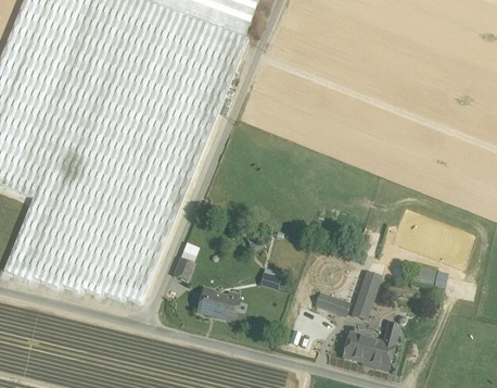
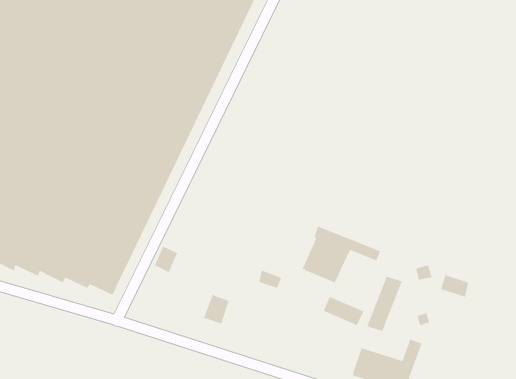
building: none -> [301,225,381,283]
building: [196,290,222,316] -> none

